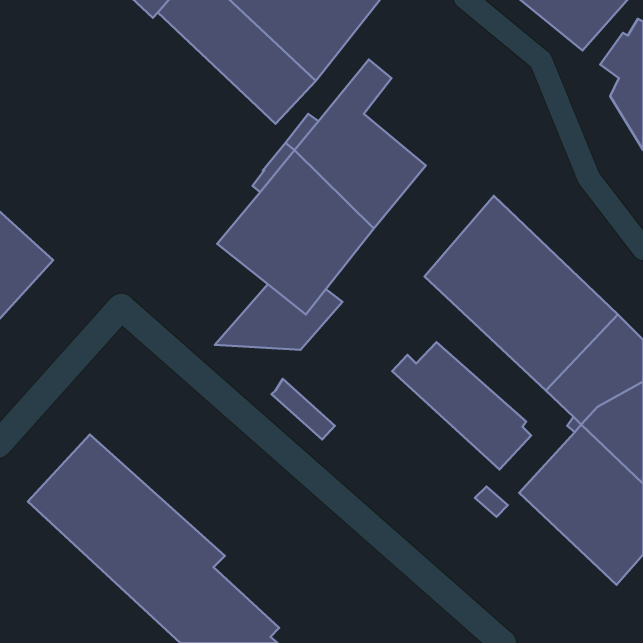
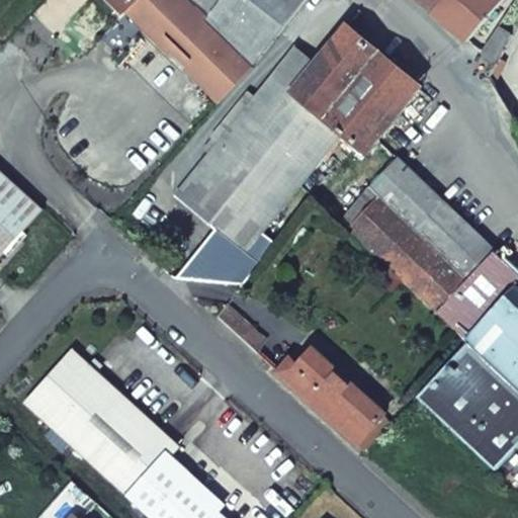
building: none -> [291,23,421,153]
building: [392,342,531,470] -> [278,348,390,450]

